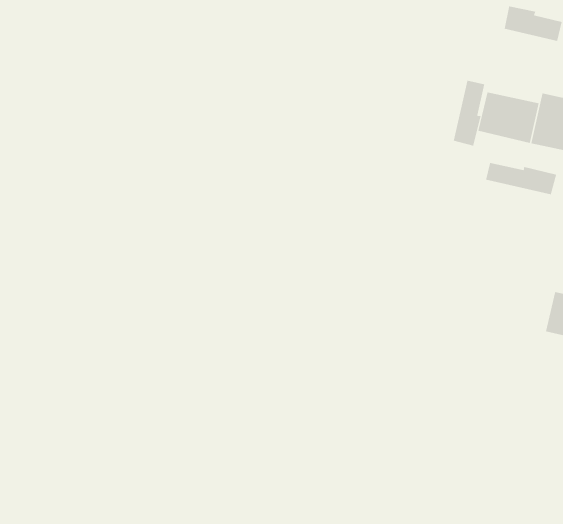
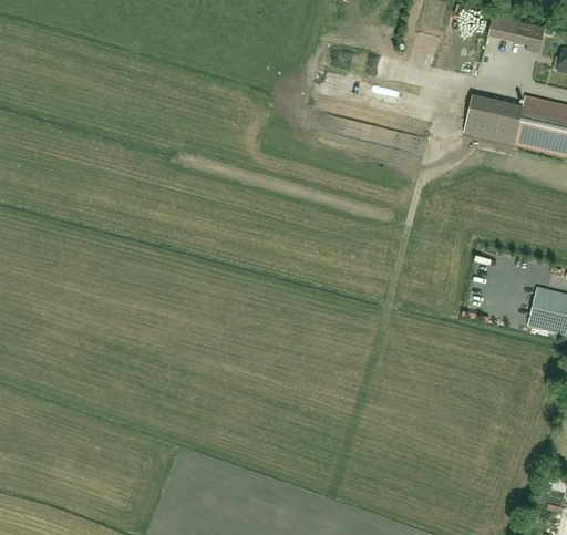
building: [453,80,485,147] -> none
building: [486,162,557,195] -> none

